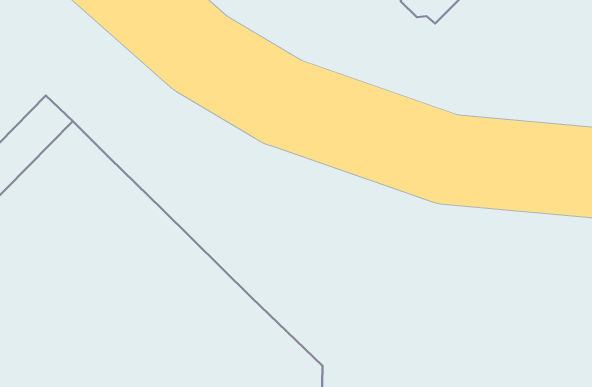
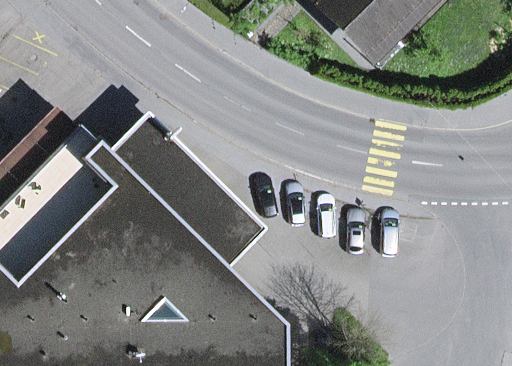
building: none -> [108,115,263,269]

